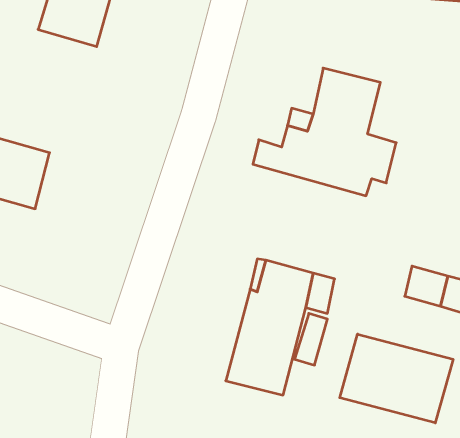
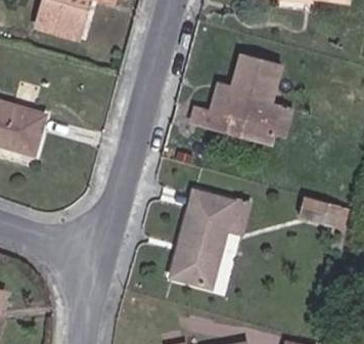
building: [340,334,453,423] -> none

